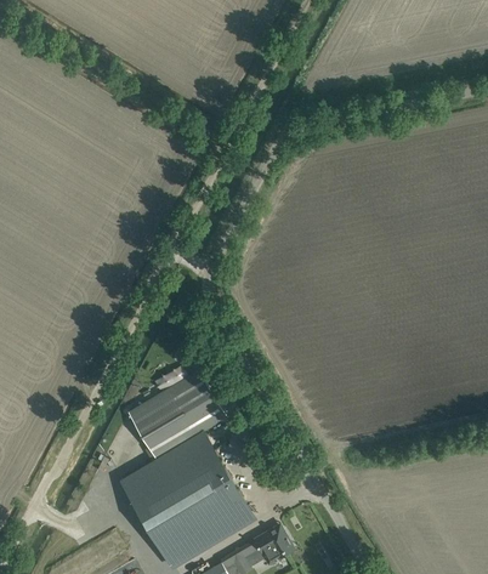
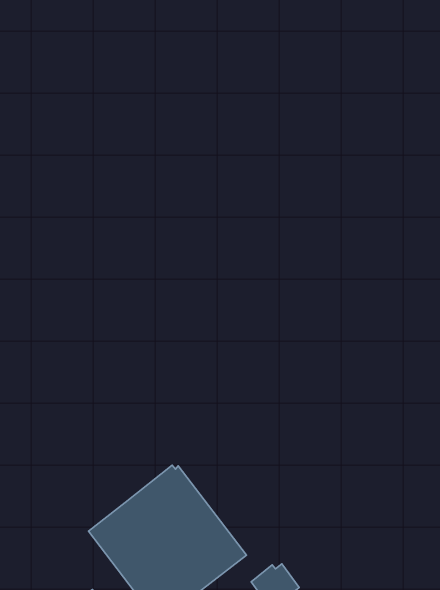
building: [129,374,227,462] -> none

